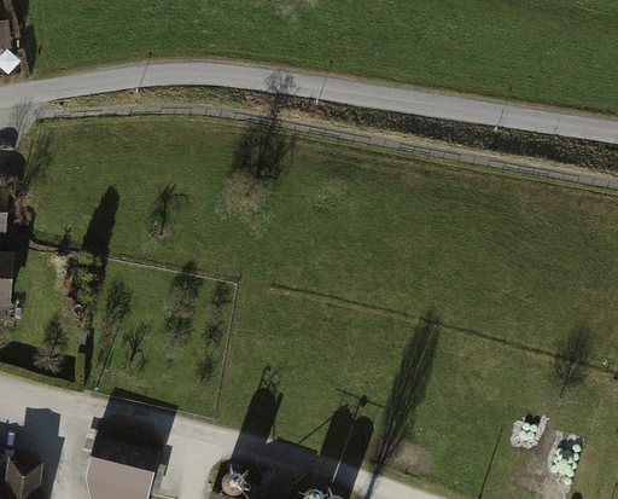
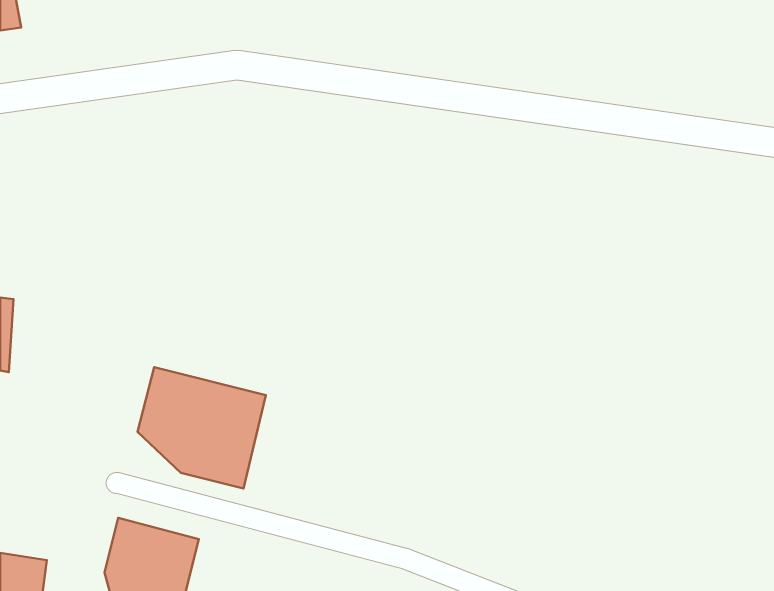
building: none -> [138,367,266,489]

